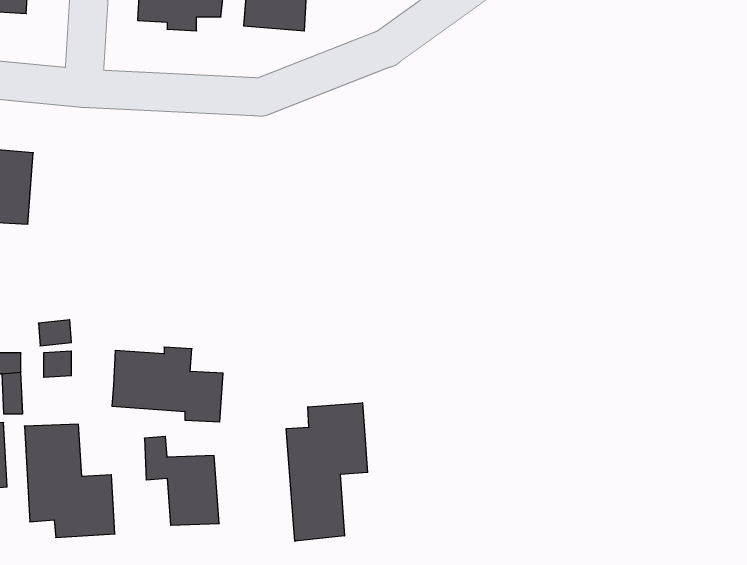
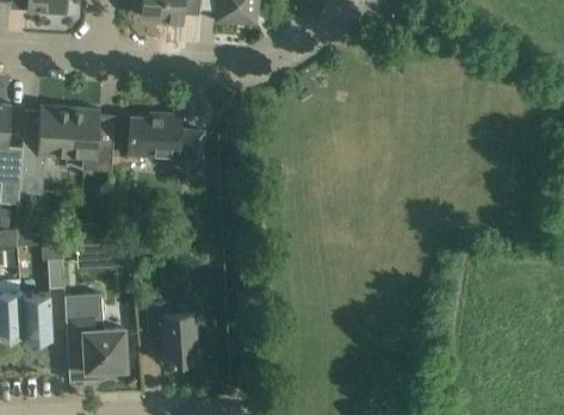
building: none -> [67,109,119,172]
building: [112,347,223,422] -> [128,114,204,166]
building: [286,403,368,541] -> none

